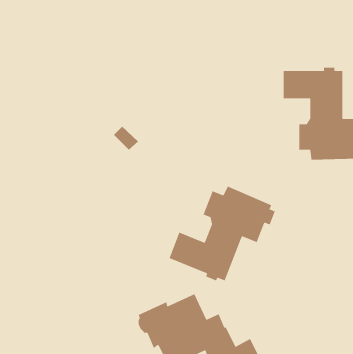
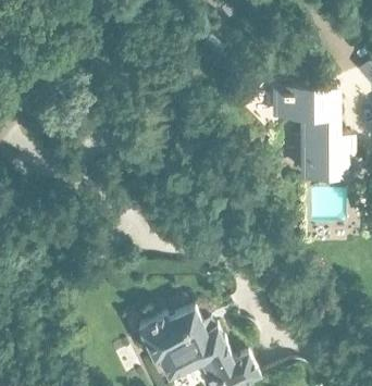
building: [168,185,276,282] -> none

